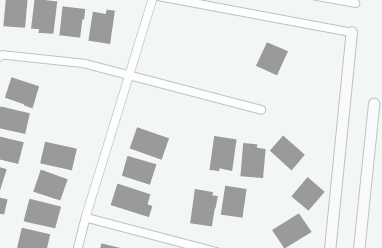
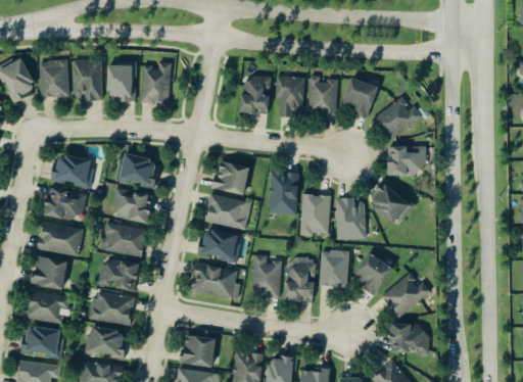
building: none -> [239,76,271,114]
building: none -> [277,77,304,115]
building: none -> [308,77,337,113]
building: none -> [372,98,423,141]
building: none -> [116,154,158,187]
building: none -> [211,161,249,195]
building: none -> [387,146,426,174]
building: none -> [112,189,151,223]
building: none -> [270,172,298,213]
building: [290,176,326,212] -> [351,252,392,294]
building: none -> [250,255,281,297]

